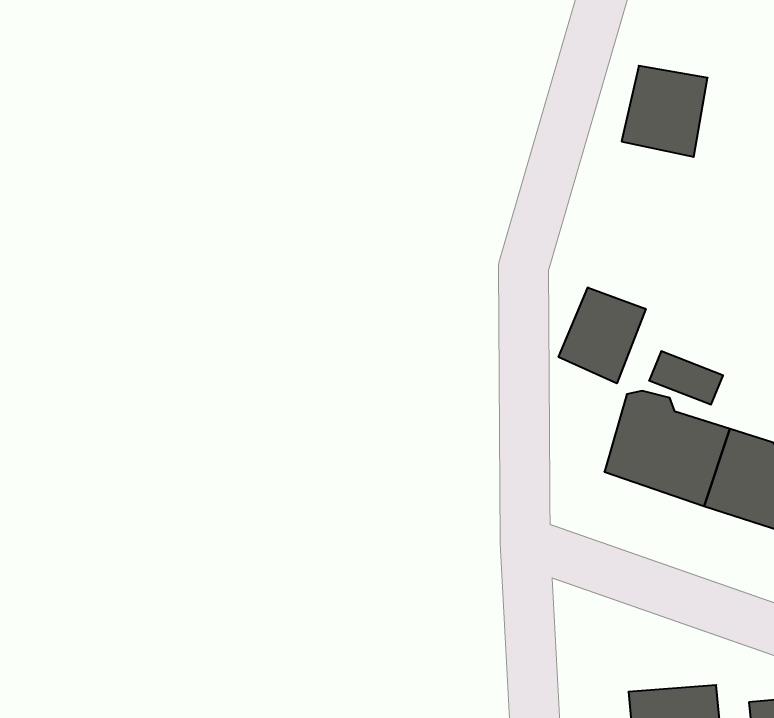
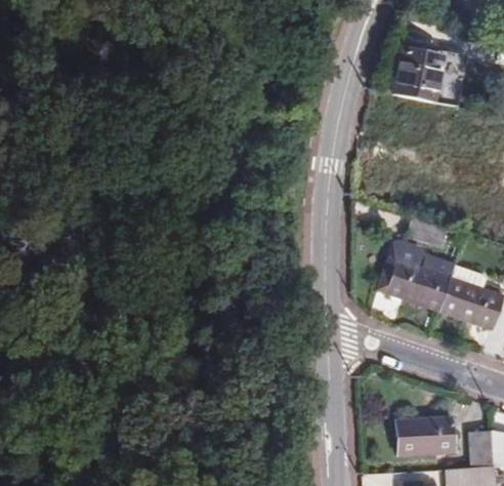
building: [559,287,646,383] -> none

